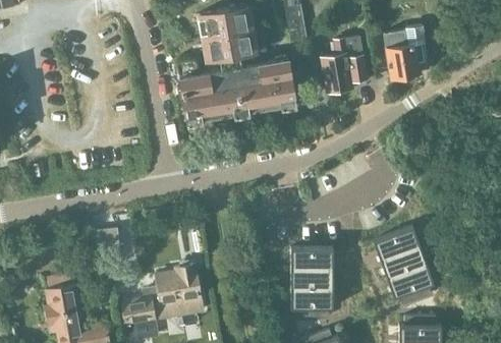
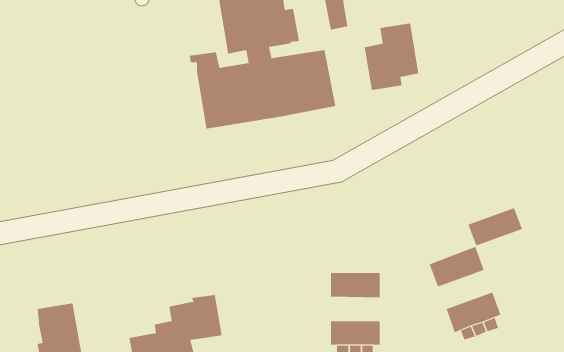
building: [382,27,424,80] -> none
building: [381,245,428,278] -> [467,207,523,246]
building: [290,268,333,288] -> none

